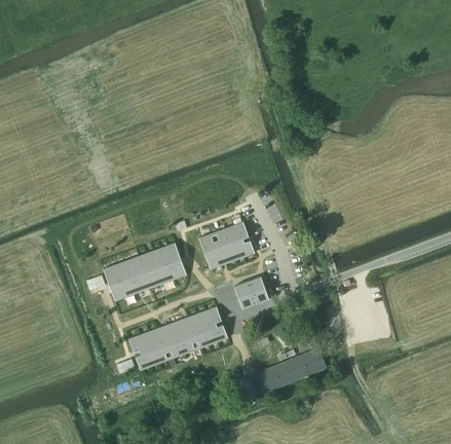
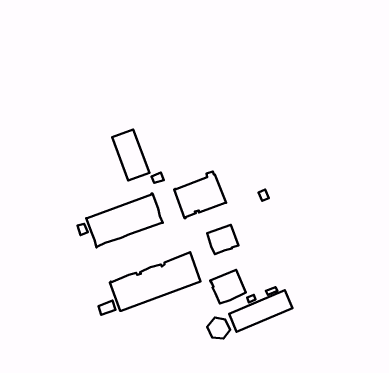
building: none -> [112,129,149,181]
building: none -> [210,270,246,304]

